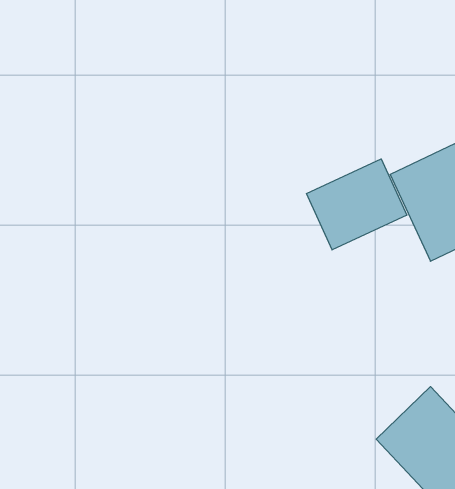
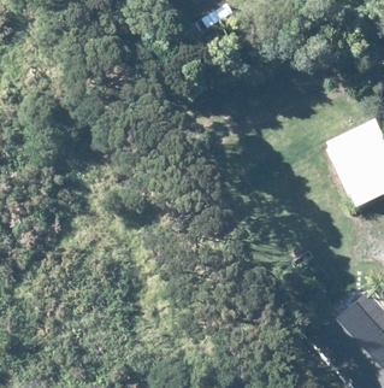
building: [307,159,407,250] -> none

